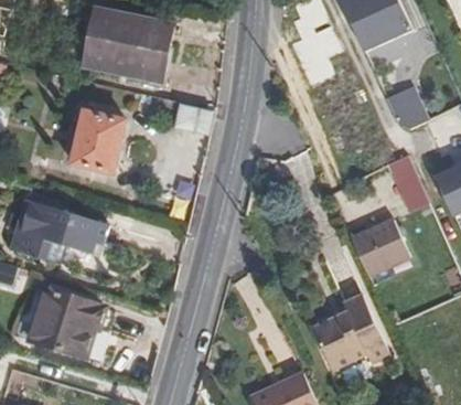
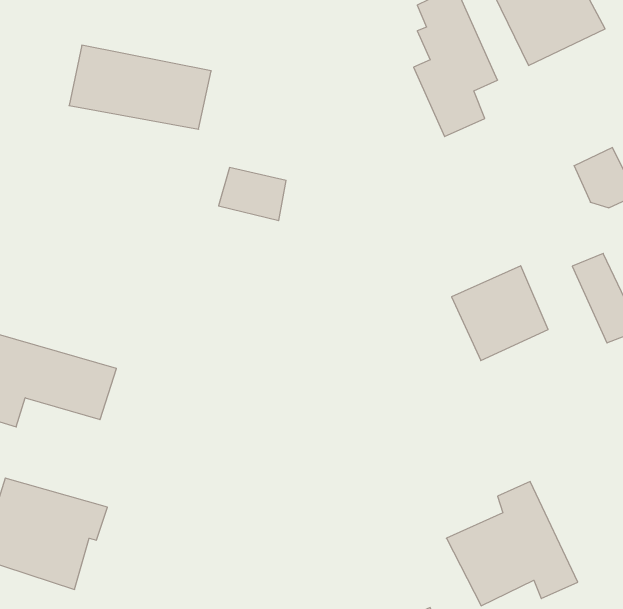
building: [90,9,173,45] -> none
building: [73,111,127,174] -> none
building: [352,219,410,276] -> [452,266,548,361]

